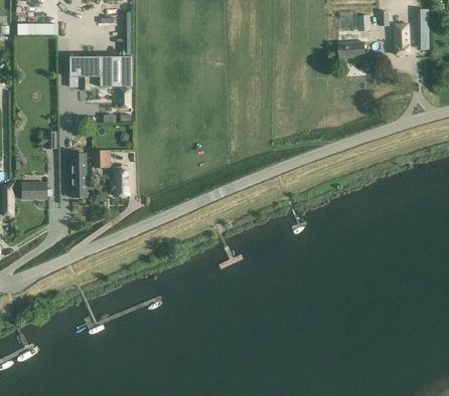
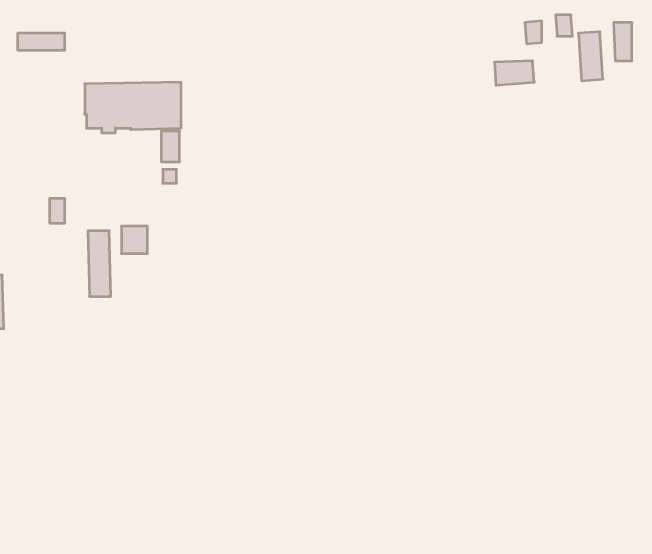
building: [110,169,127,195] -> none
building: [21,182,51,198] -> none

